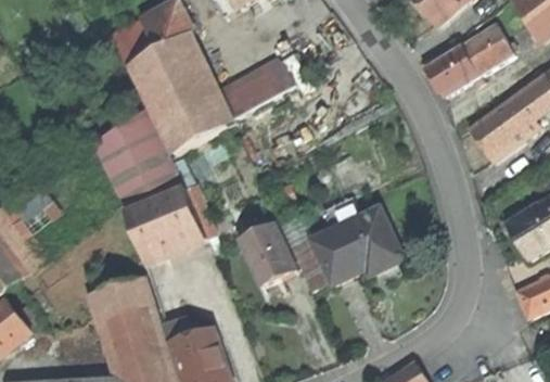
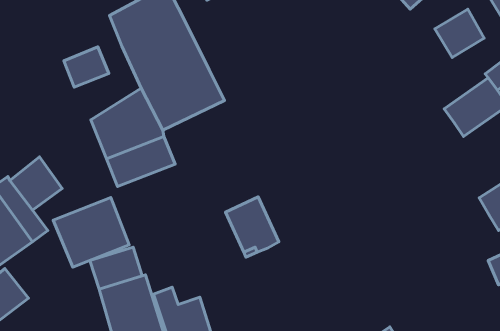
building: [424,43,479,96] -> none
building: [222,56,295,115] -> none
building: none -> [64,47,109,87]
building: [126,187,206,260] -> [53,198,129,267]
building: [310,206,402,282] -> none

